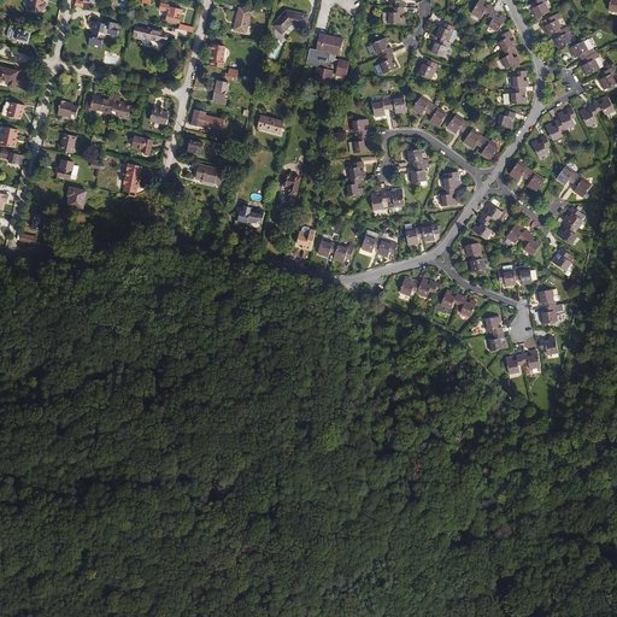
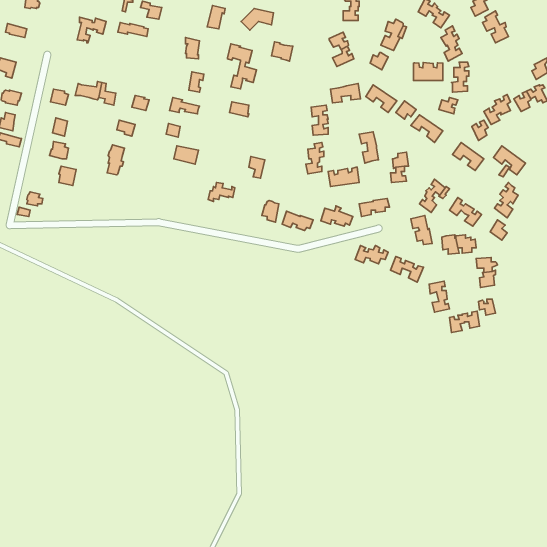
building: [315,33,347,83] -> [228,44,256,89]
building: [568,40,599,75] -> none
building: none -> [413,63,443,81]

